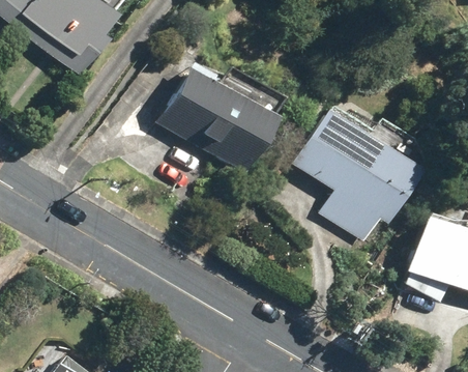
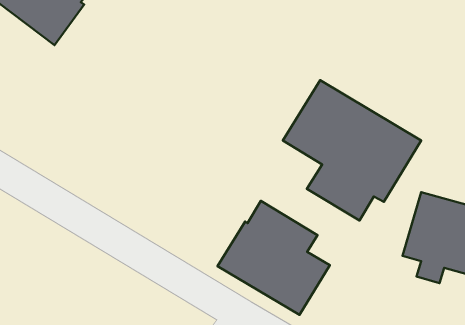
building: [160,60,286,173] -> none
building: none -> [218,201,330,315]

